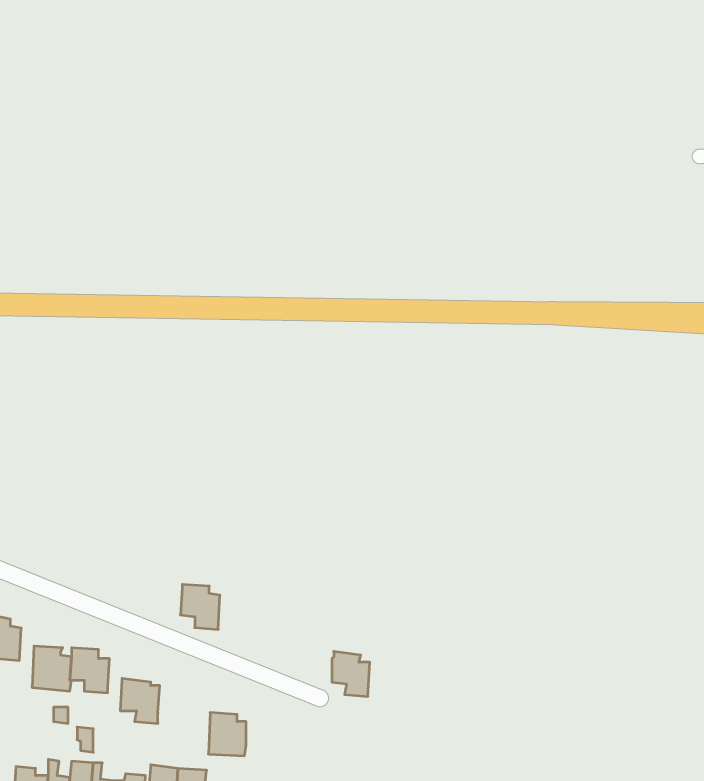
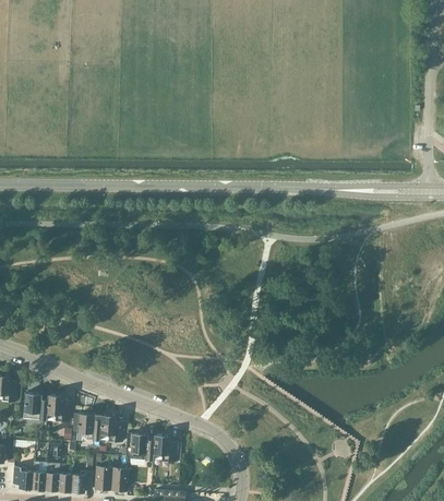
building: [180,584,220,629] -> [99,415,123,442]
building: [332,651,370,696] -> [153,434,176,462]

